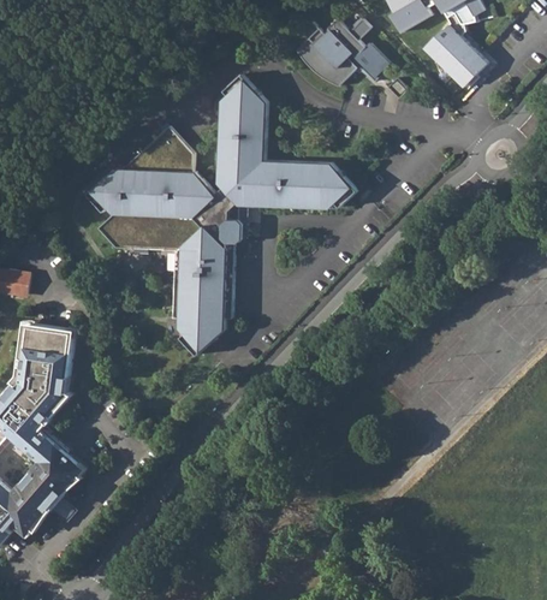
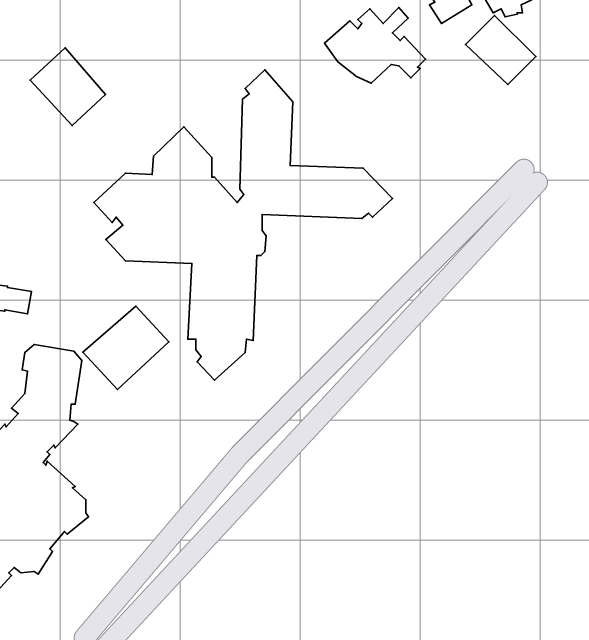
building: none -> [30,48,106,125]
building: none -> [83,306,169,389]

